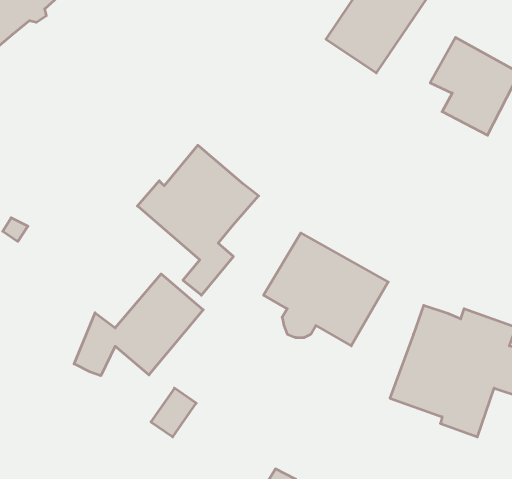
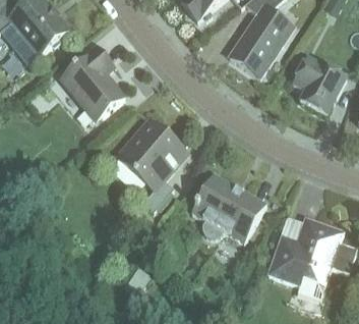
building: none -> [61,45,124,116]
building: [74,274,203,376] -> none

